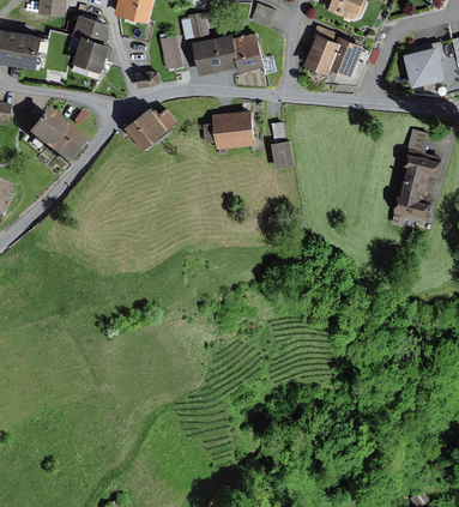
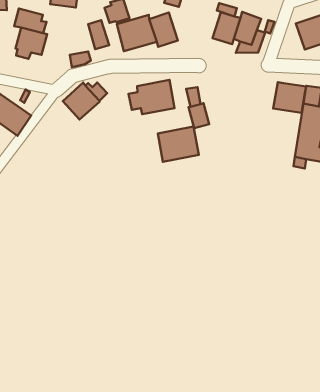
building: none -> [273,82,306,113]
building: none -> [158,127,199,162]

